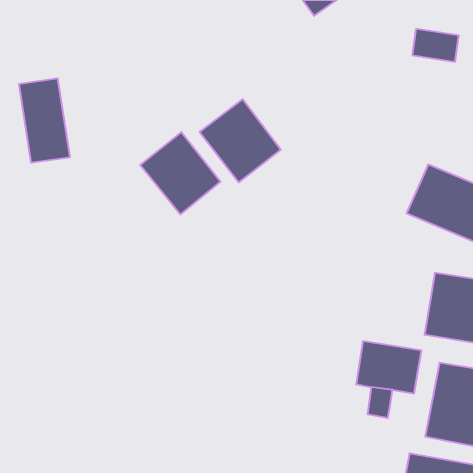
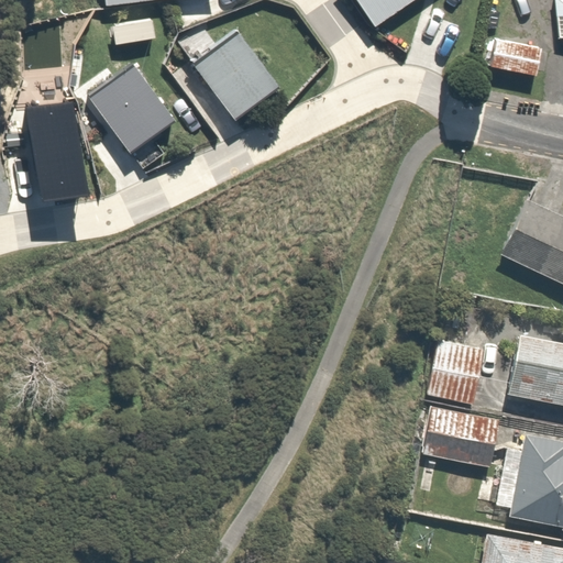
building: [200,99,281,182] -> [190,24,286,122]
building: [140,132,221,214] -> [87,59,181,156]
building: none -> [429,334,486,404]

